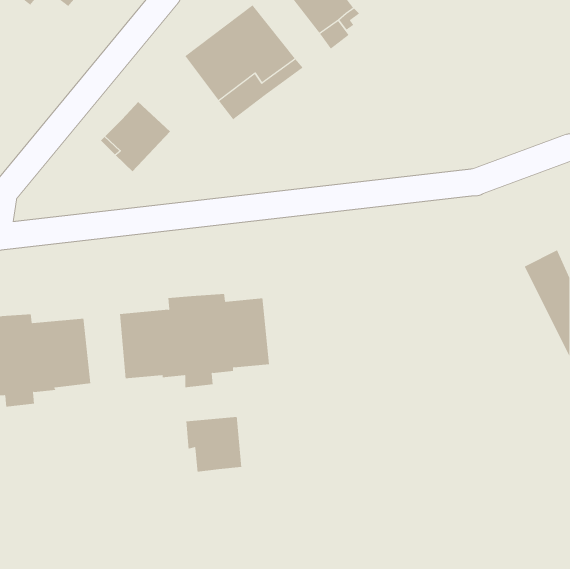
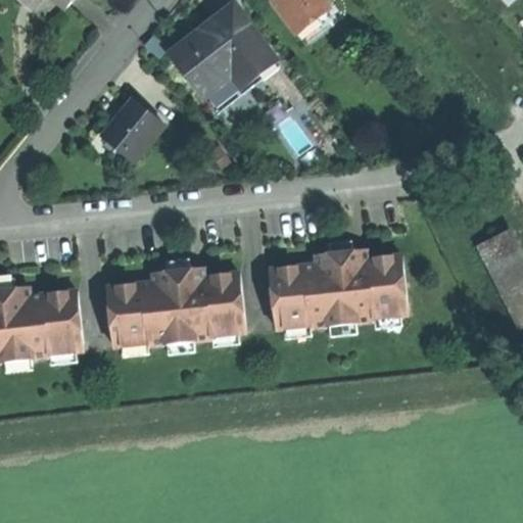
building: none -> [270,248,408,334]
building: [186,416,242,473] -> none

